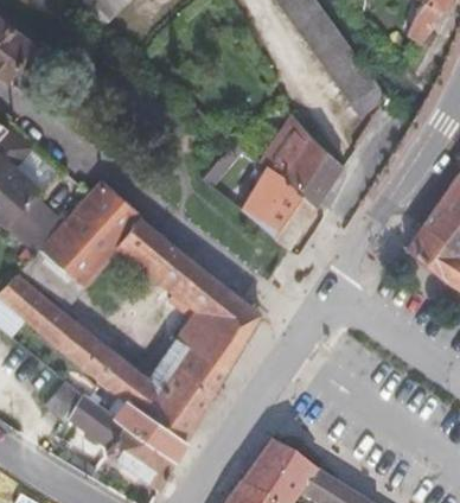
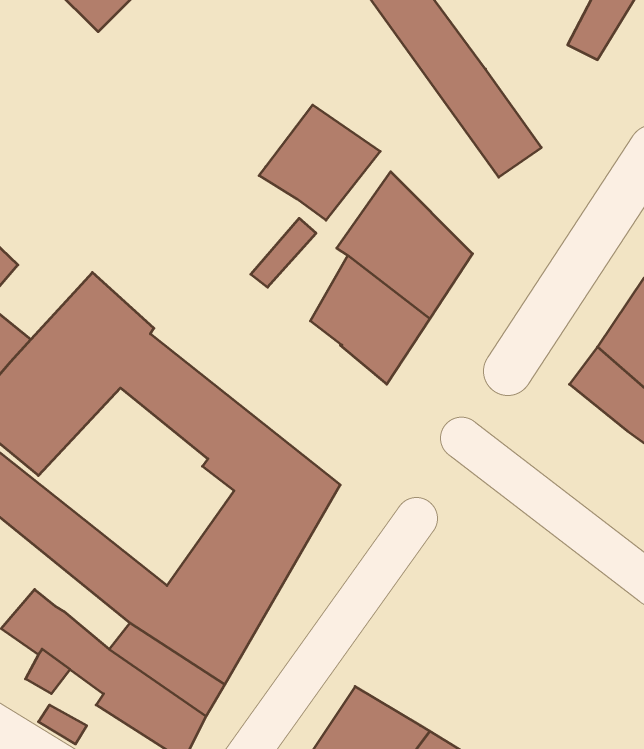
building: none -> [259,105,380,220]

